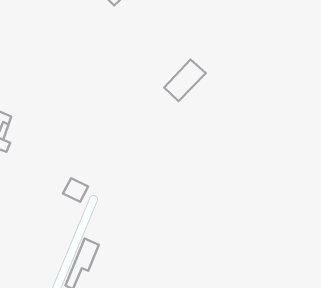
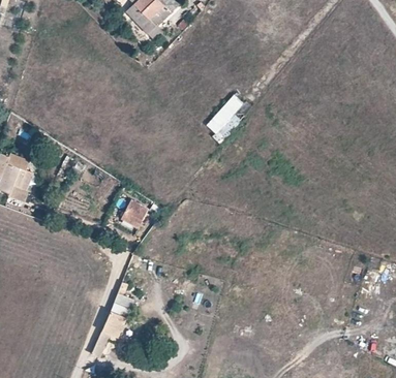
building: [63,178,88,202] -> [122,200,151,227]

